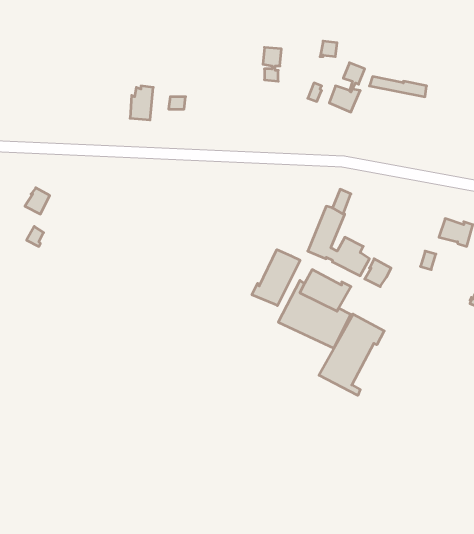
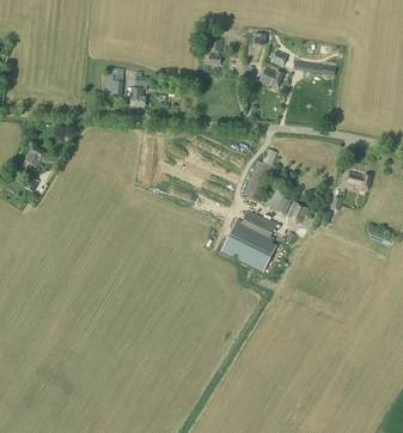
building: [252,250,300,306] -> none
building: [319,314,384,395] -> none

